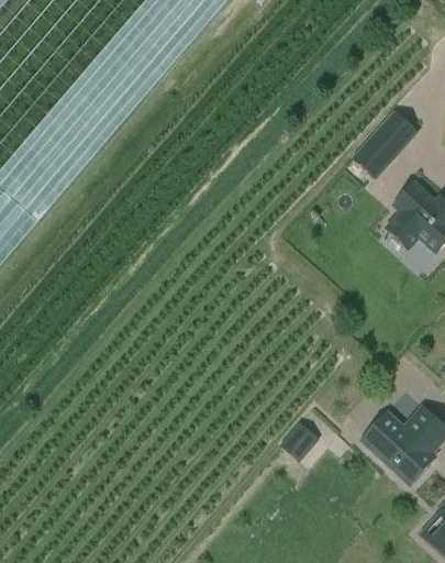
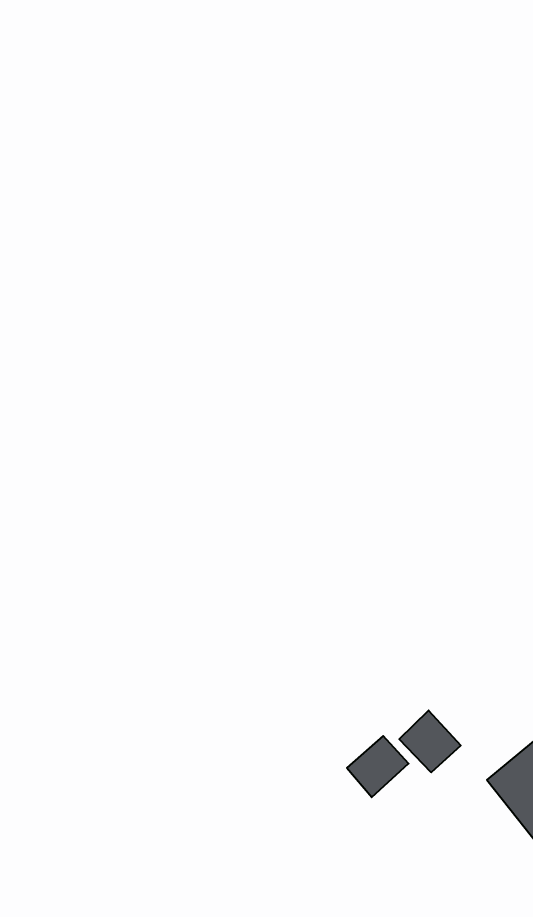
building: none -> [399,710,461,772]

